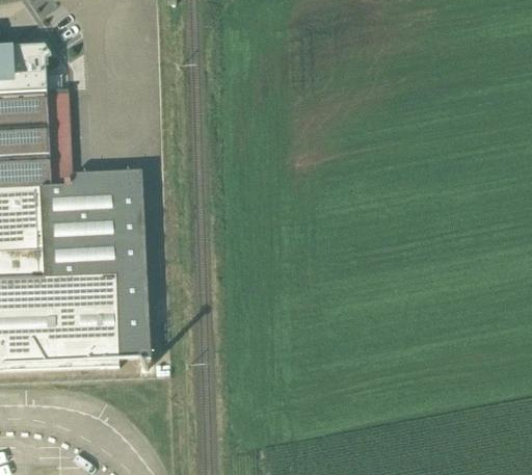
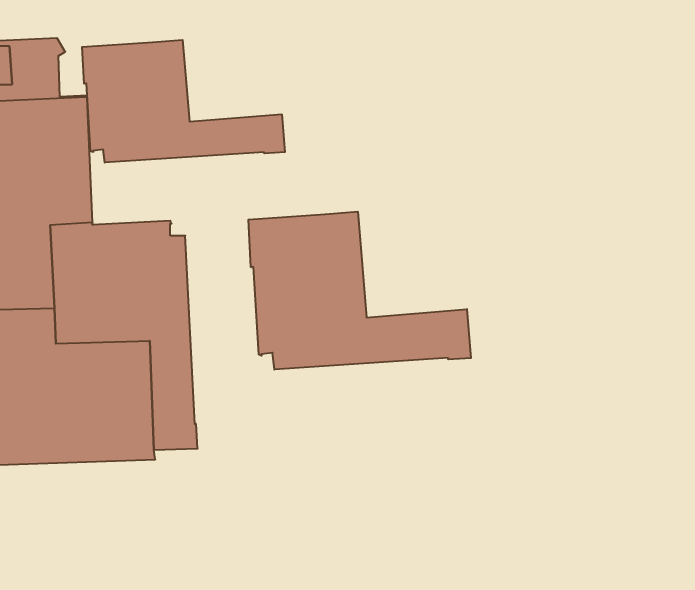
building: none -> [82,40,285,163]
building: none -> [248,212,471,370]

